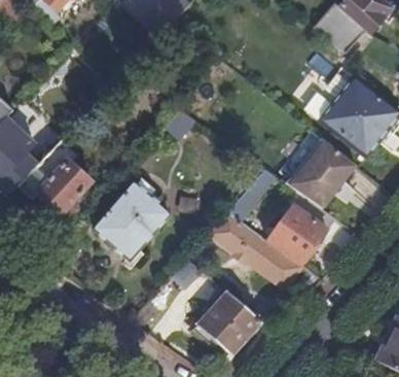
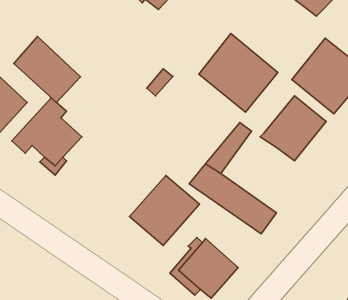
building: none -> [199,33,278,112]
building: none -> [14,37,81,102]
building: [95,182,170,258] -> [129,175,199,245]
building: [268,193,336,263] -> none

